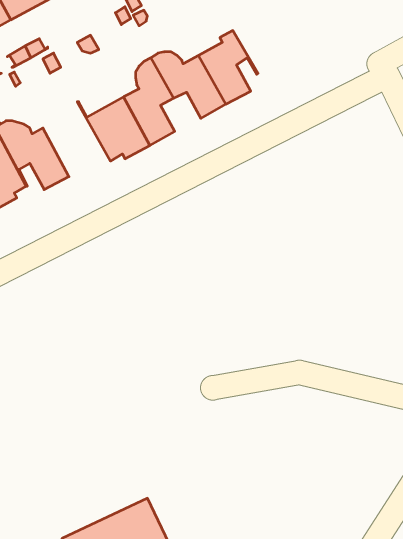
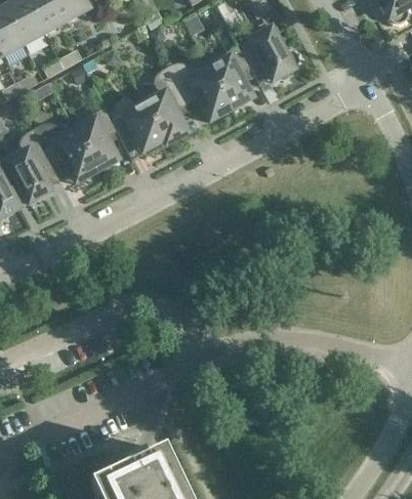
building: none -> [238,27,299,82]
building: none -> [74,107,132,171]

